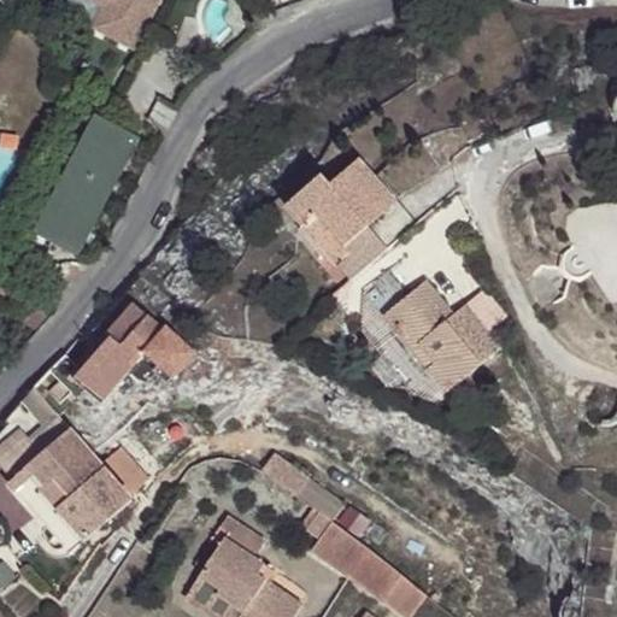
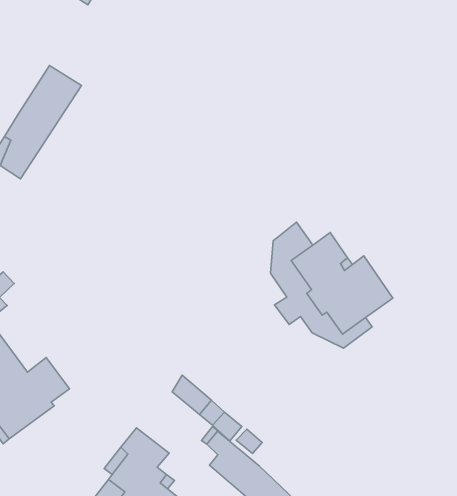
building: [286,157,395,280] -> none
building: [74,302,195,402] -> none

